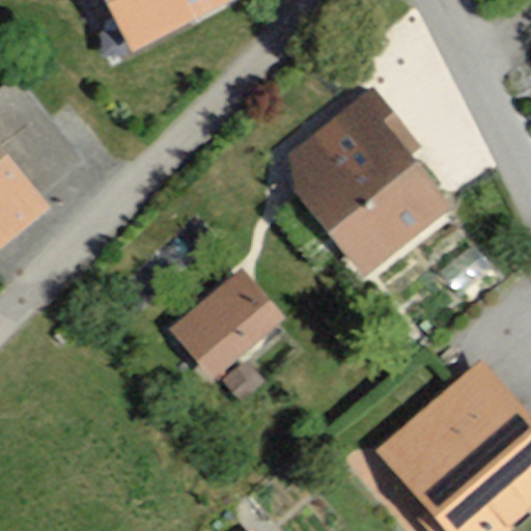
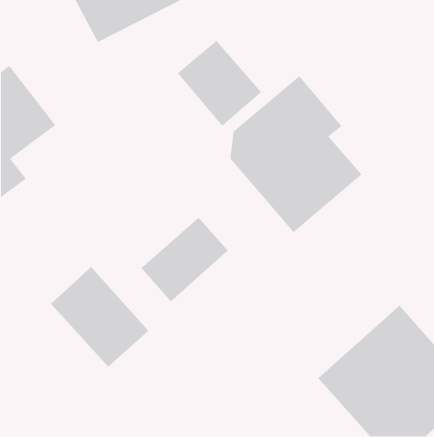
building: none -> [177,40,262,127]
building: none -> [50,266,149,367]

